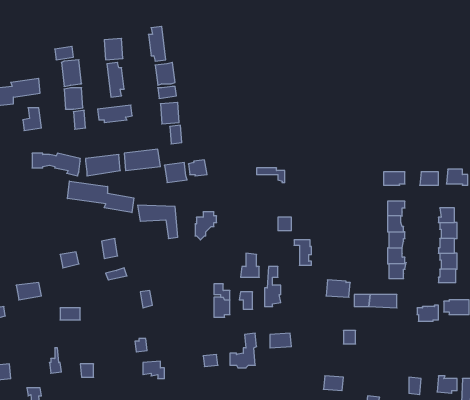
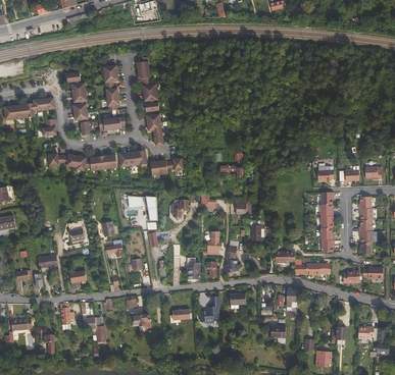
building: [67,181,134,213] -> none

